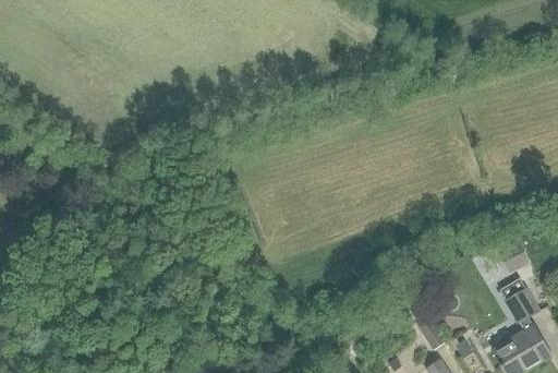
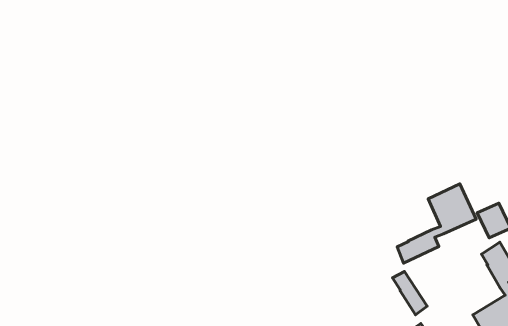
building: none -> [397,184,476,263]

